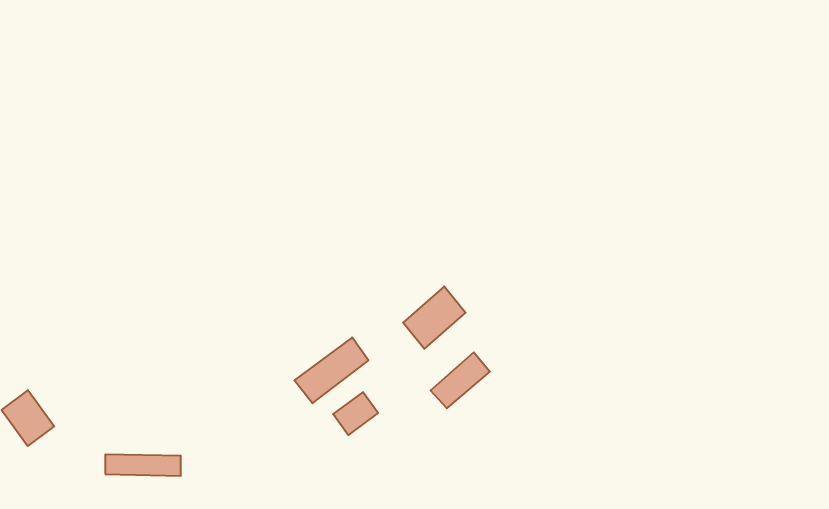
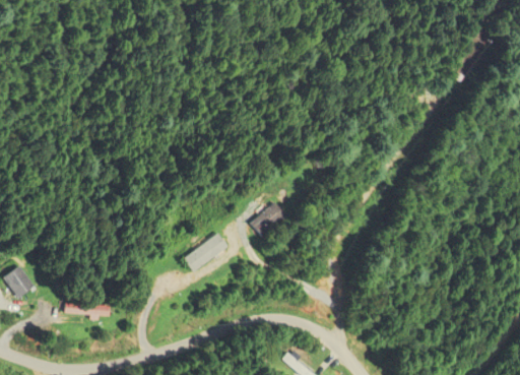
building: [431,352,490,408] -> none
building: [333,392,378,435] -> none

